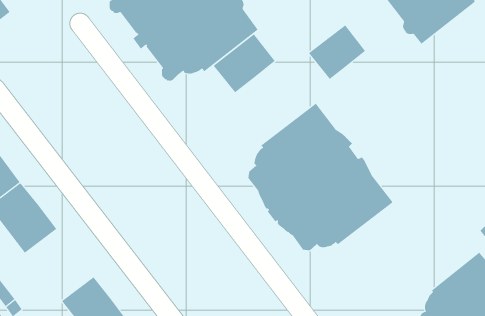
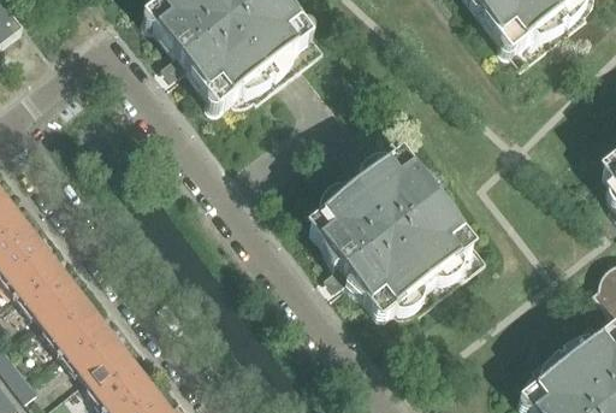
building: [308,25,366,80] -> none
building: [213,33,276,93] -> none
building: none -> [40,290,124,378]

